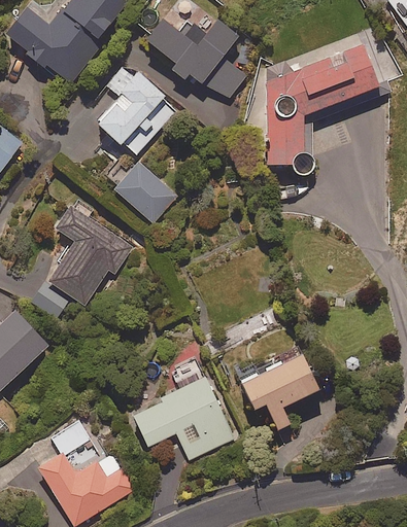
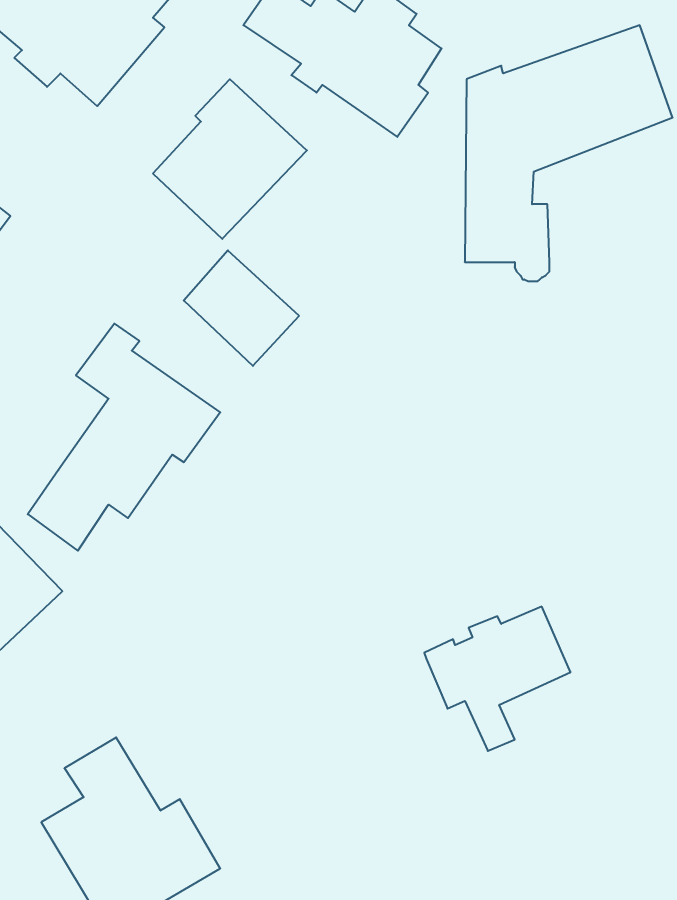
building: [134,378,234,461] -> none

